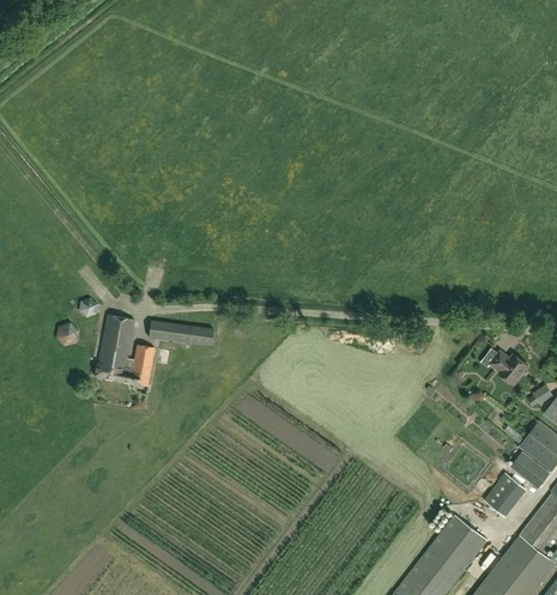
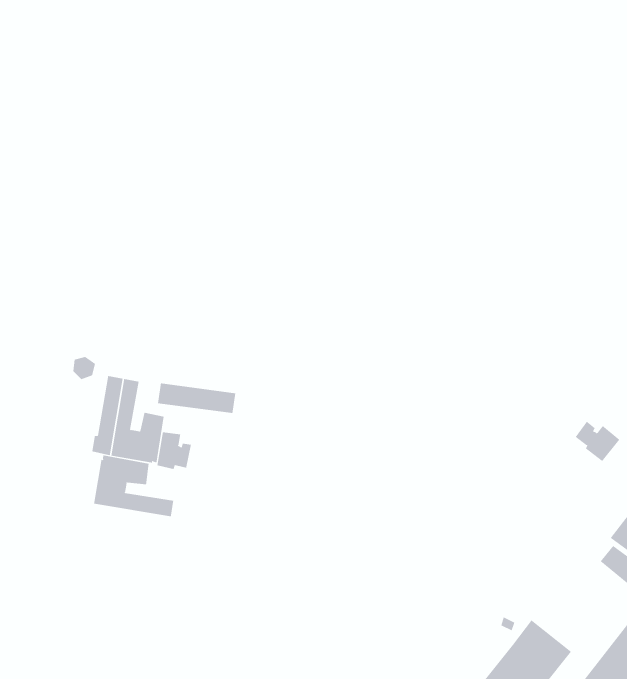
building: none -> [157,431,192,470]
building: none -> [94,455,174,517]
building: [483,472,527,517] -> none

